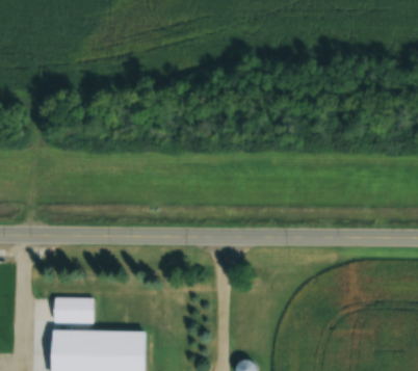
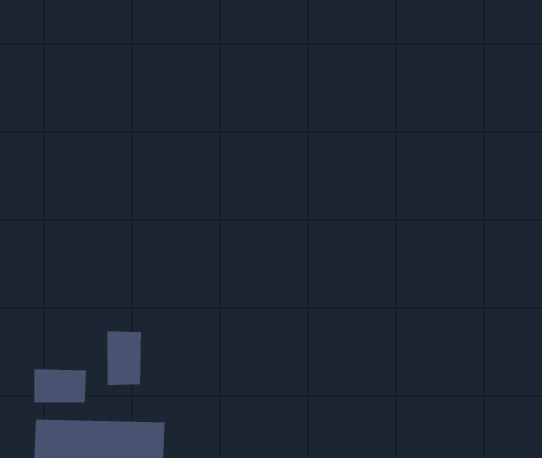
building: none -> [107,331,142,386]

